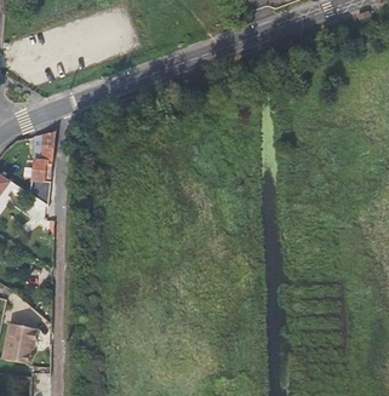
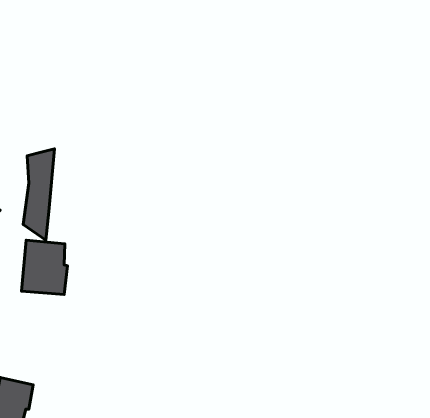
building: none -> [22,240,68,295]

